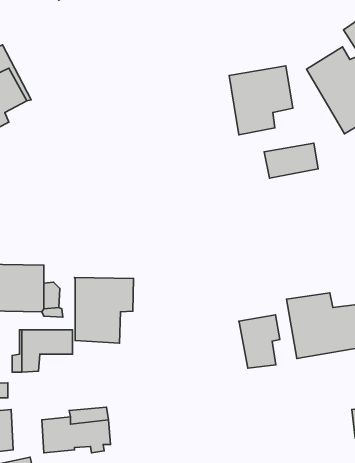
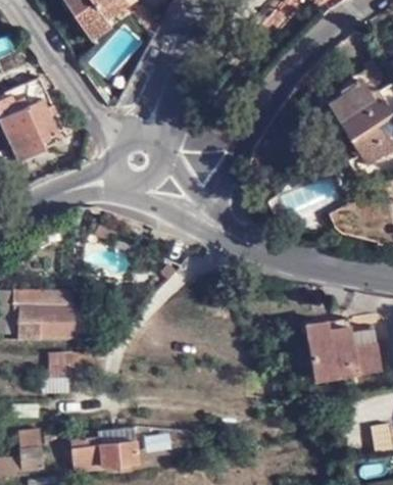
building: [229,66,293,135] -> none
building: [75,278,133,343] -> none
building: [239,315,280,368] -> none

